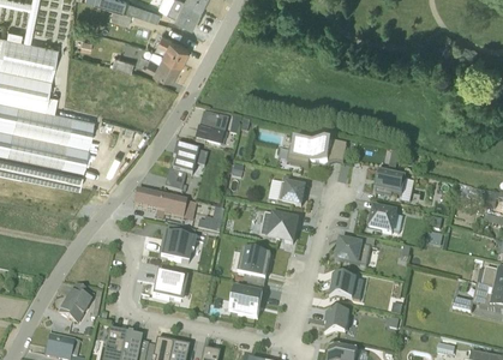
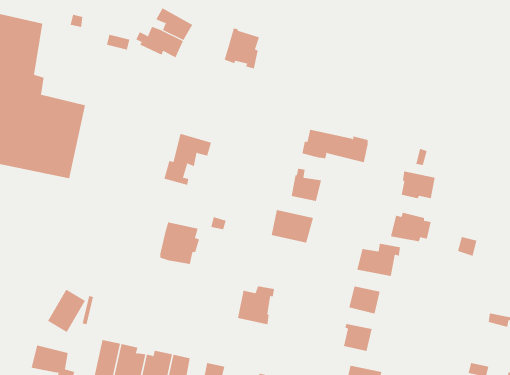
building: [196,109,228,146] -> [224,28,260,69]
building: [134,188,194,217] -> none
building: [240,248,271,277] -> none
building: [152,269,186,298] -> none

